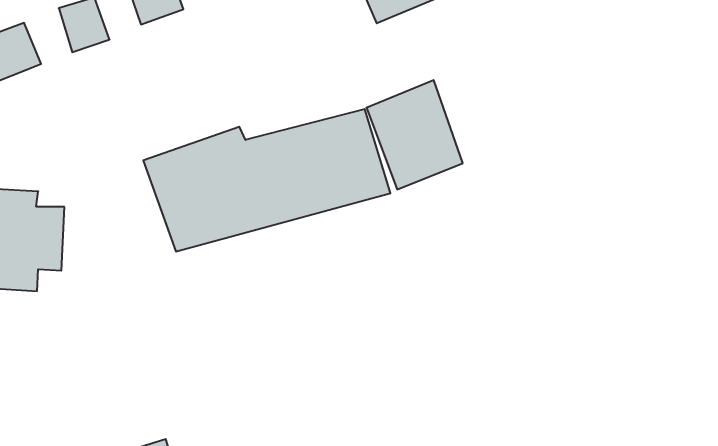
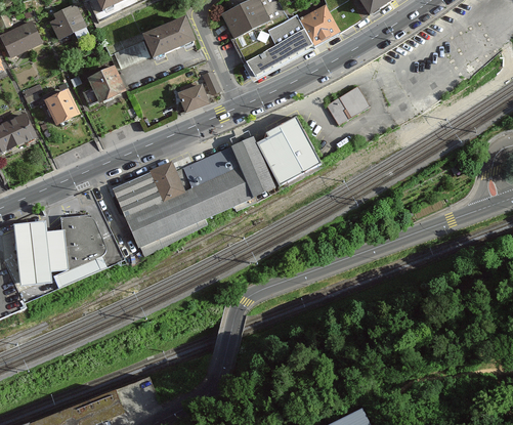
building: none -> [178,82,208,112]
building: none -> [326,86,370,126]
building: none -> [53,212,108,290]

